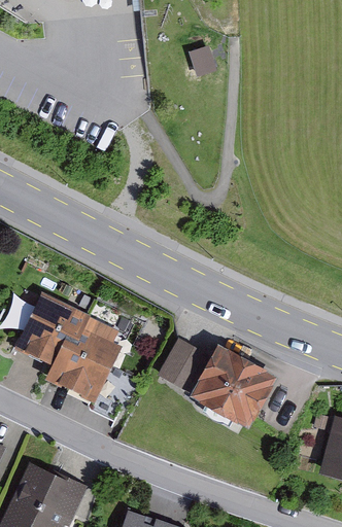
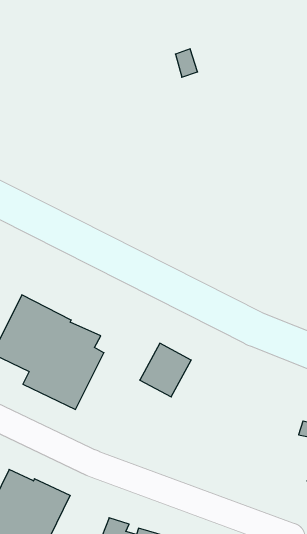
building: [189,343,277,427] -> none

